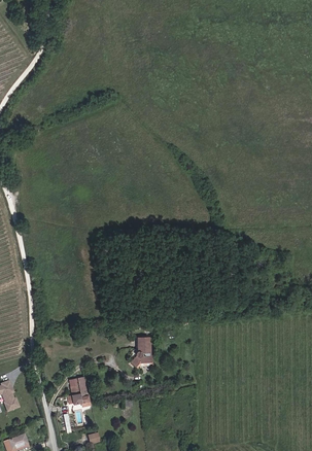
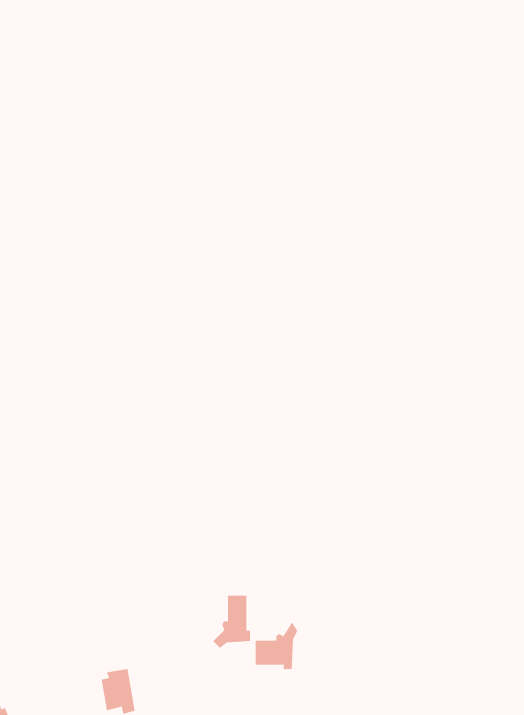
building: none -> [255,622,298,670]

